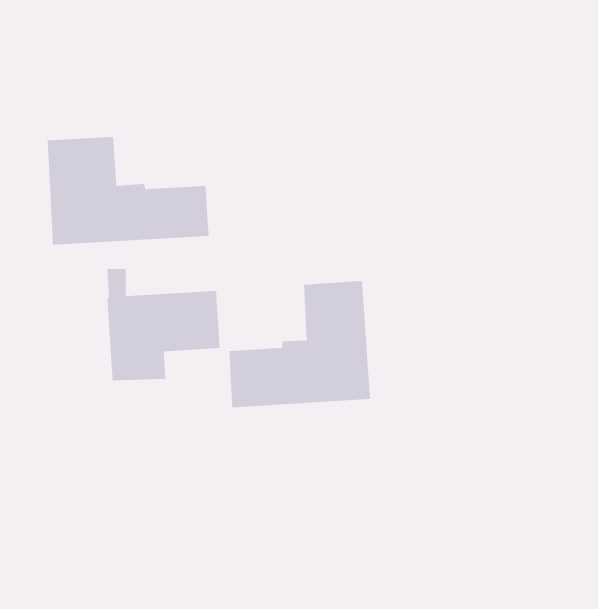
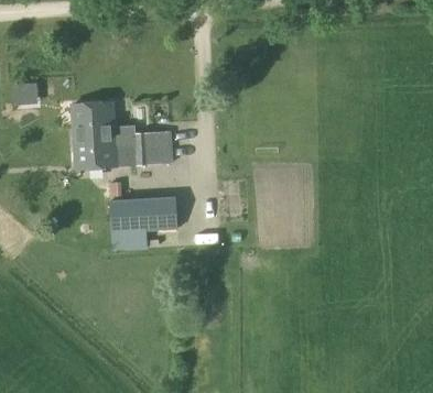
building: [229,280,370,408] -> none

